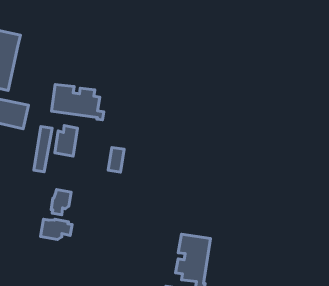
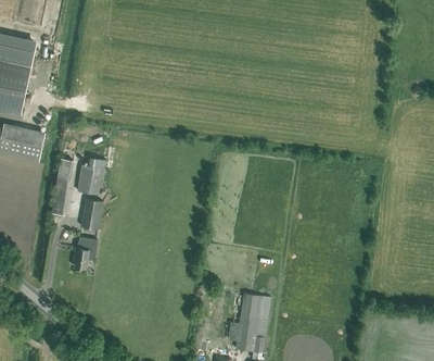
building: [51,84,104,120] -> none
building: [108,147,124,172] -> [81,198,101,228]
building: [40,219,72,240] -> none

